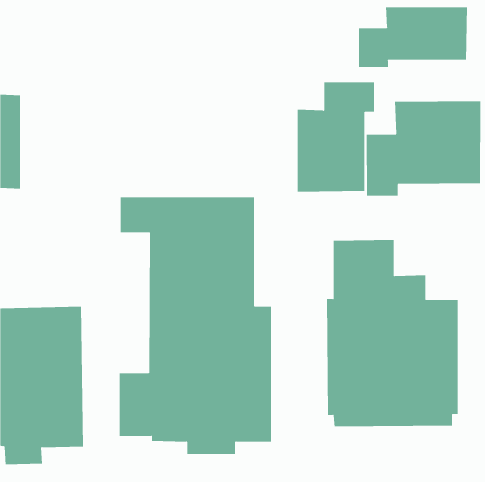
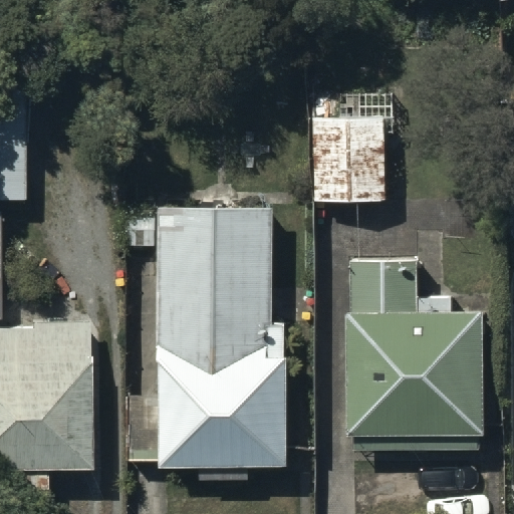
building: [358,7,467,68] -> none
building: [366,101,481,196] -> none

